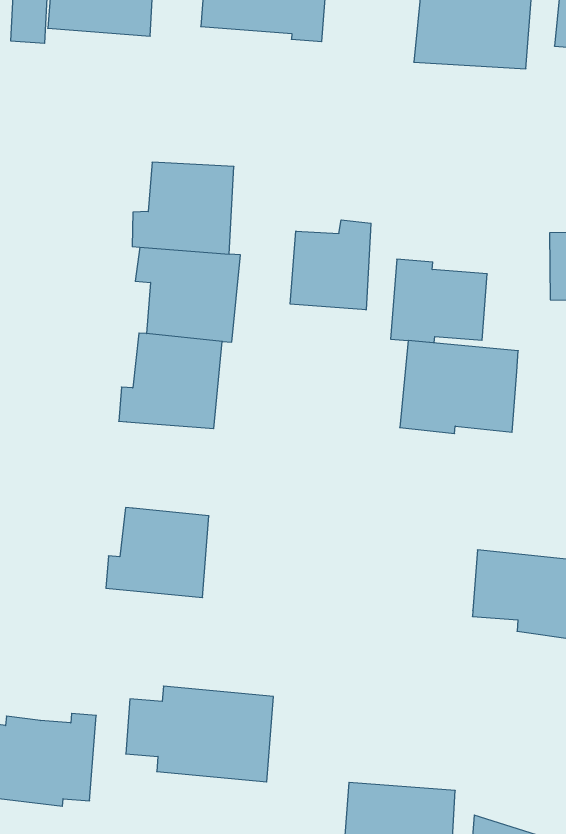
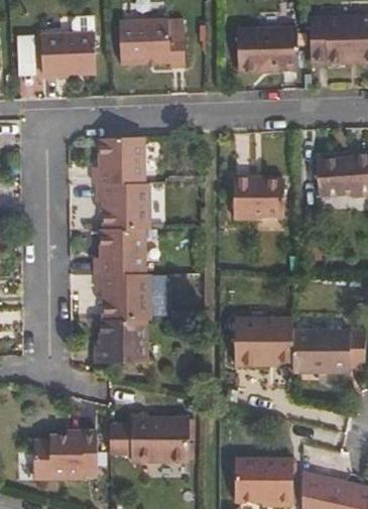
building: [290,220,371,310] -> none
building: [400,340,518,434] -> [229,316,288,364]
building: none -> [97,275,151,322]

